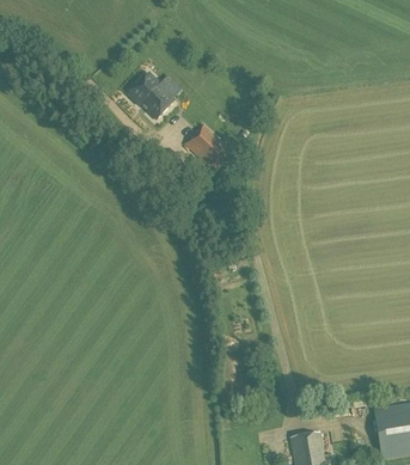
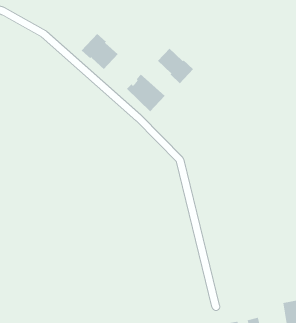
building: none -> [157,48,194,84]

